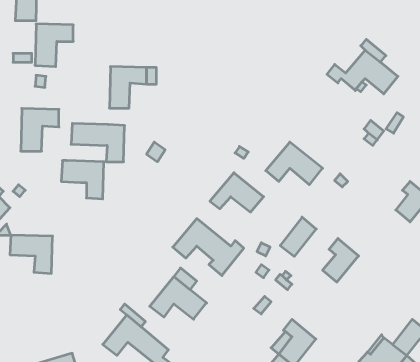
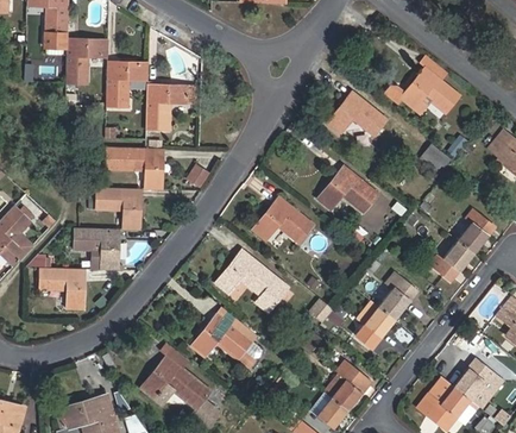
building: none -> [325,90,388,137]
building: [21,108,59,151] -> [106,61,147,107]
building: none -> [73,227,119,270]
building: none -> [435,240,473,282]
building: [280,217,316,256] -> [354,306,394,349]

